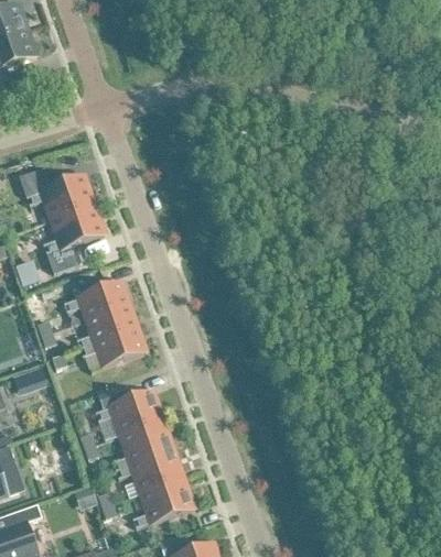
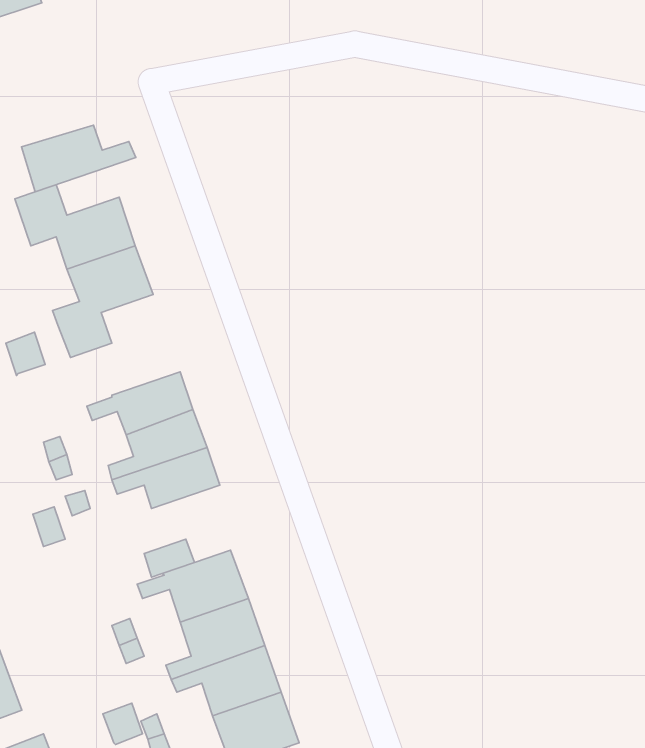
building: none -> [21,125,136,192]

